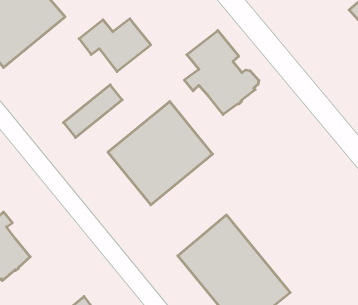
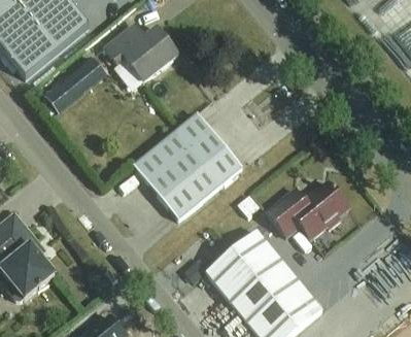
building: [184,30,259,115] -> none
building: [63,85,122,138] -> [45,57,106,111]
building: none -> [267,181,349,238]

